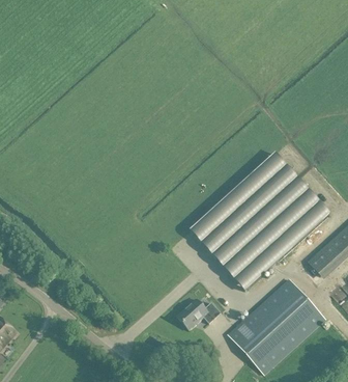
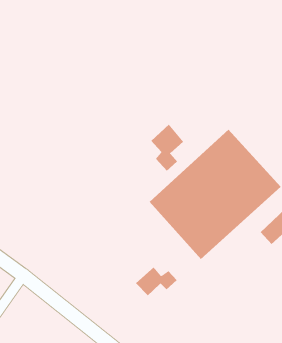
building: none -> [150,124,184,171]
building: [228,278,325,374] -> none

